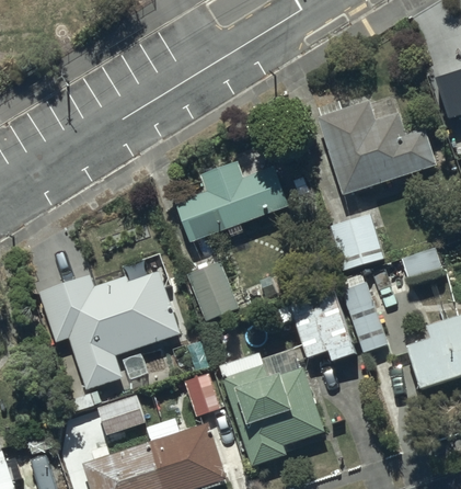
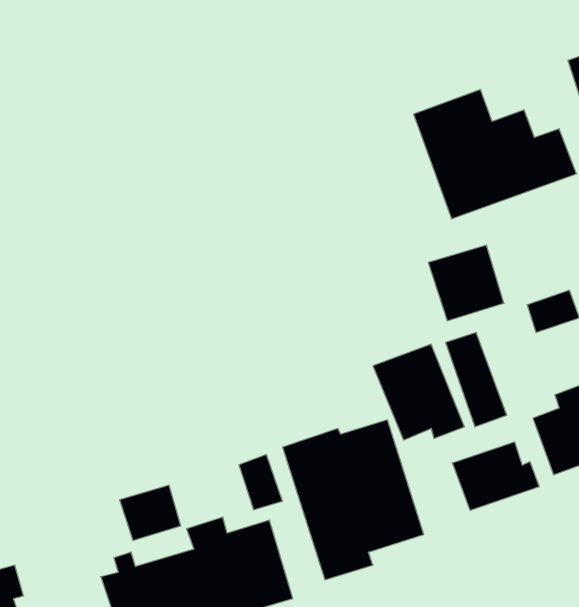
building: [176,159,286,242] -> none
building: [186,263,237,323] -> none
building: [39,272,180,391] -> none
building: none -> [453,442,539,510]

